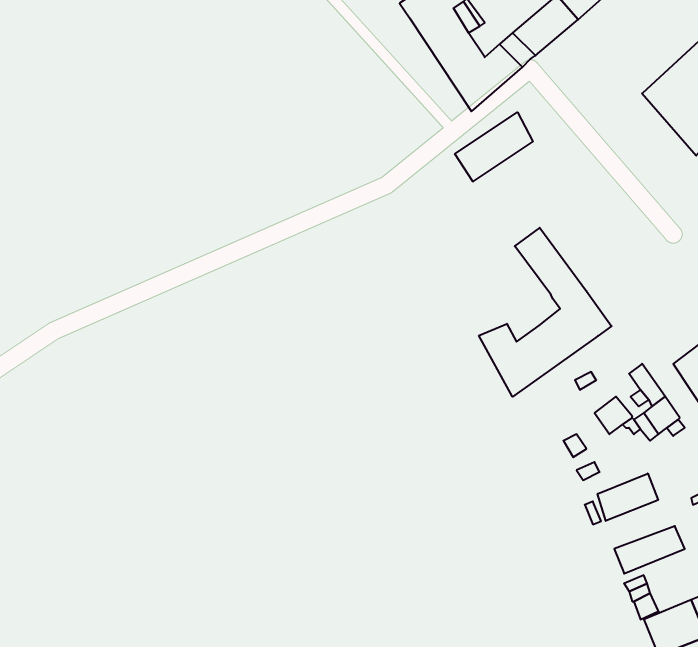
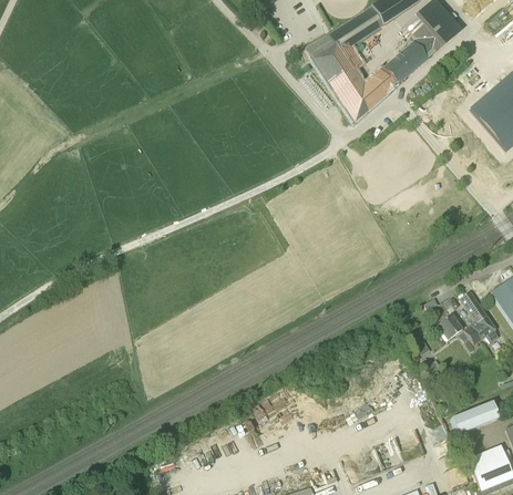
building: [455,112,533,182] -> none
building: [479,228,612,397] -> none
building: [598,473,658,521] -> none

